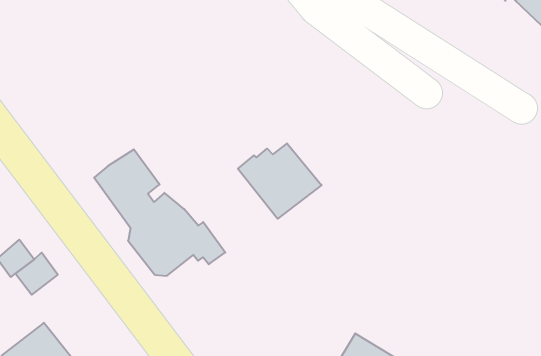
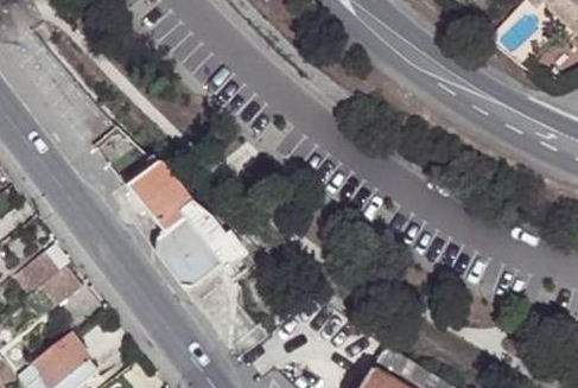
building: [238,143,322,219] -> none

